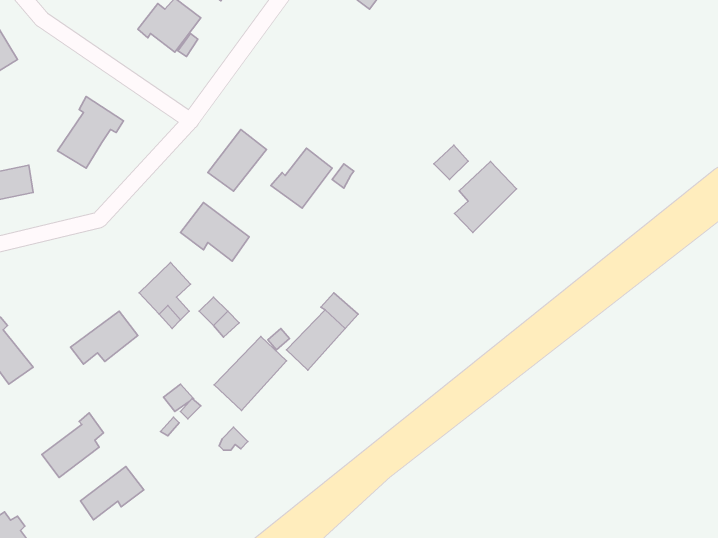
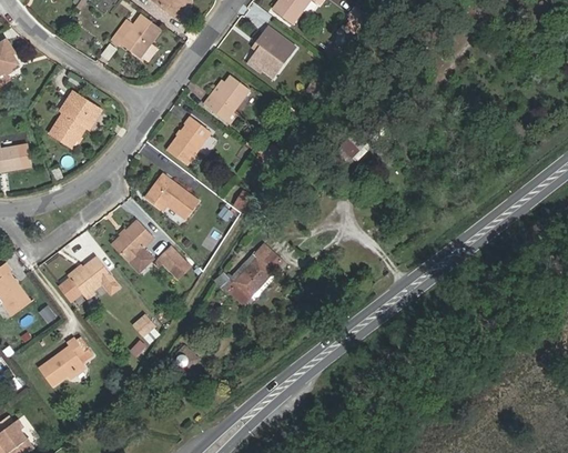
building: none -> [251,26,291,76]
building: [271,148,332,208] -> [202,74,250,121]
building: [454,162,517,232] -> none
building: [214,337,287,411] -> none
building: [80,467,144,520] -> none

